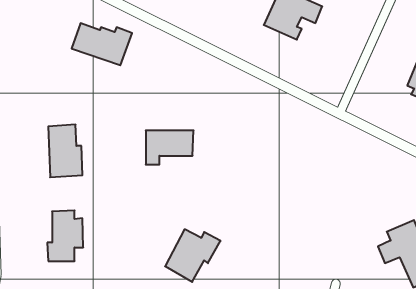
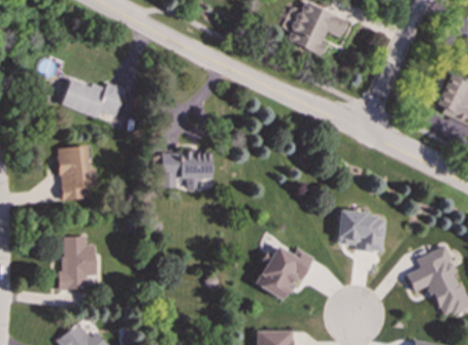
building: [72,23,132,65] -> [61,78,125,123]
building: none -> [336,211,386,249]
building: [165,229,221,282] -> [256,245,314,301]

